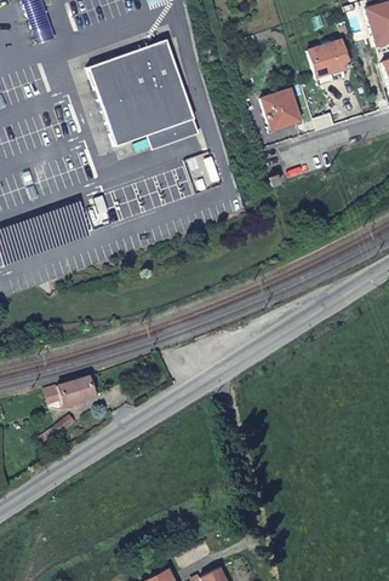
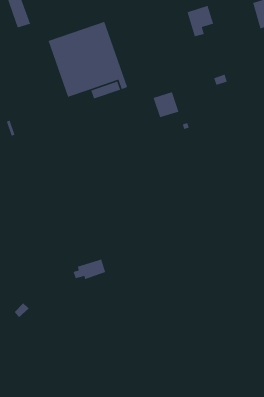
building: [313,42,351,87] -> [186,5,214,37]
building: [264,93,302,131] -> [153,91,179,118]
building: [47,375,95,405] -> [72,258,106,280]

